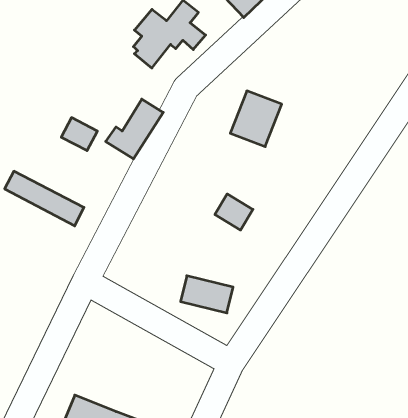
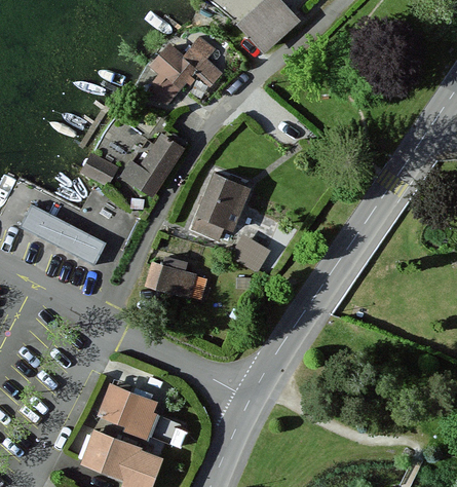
building: [230,91,282,147] -> [196,174,247,229]
building: [181,276,233,313] -> [145,261,197,298]
building: none -> [100,384,157,432]

